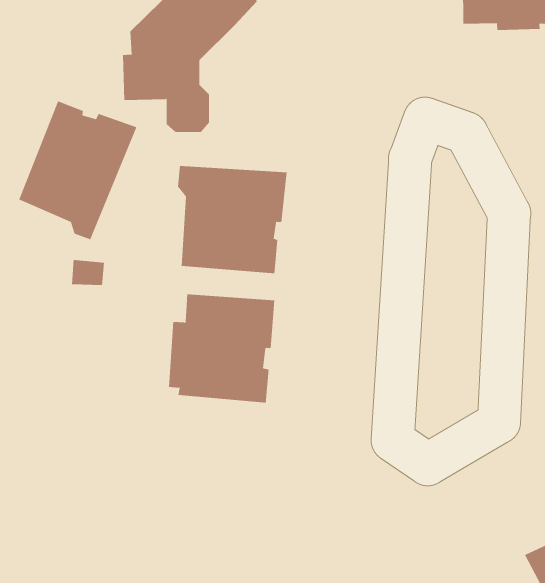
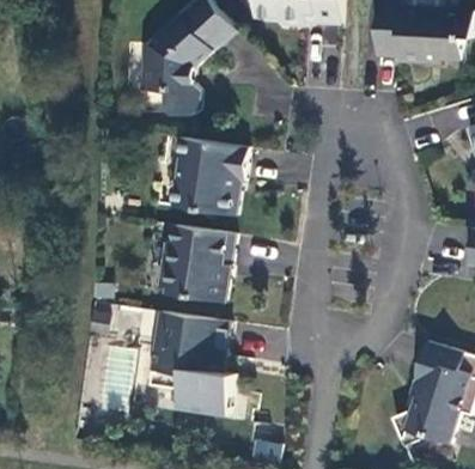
building: [19,101,137,240] -> none
building: none -> [134,309,235,413]

